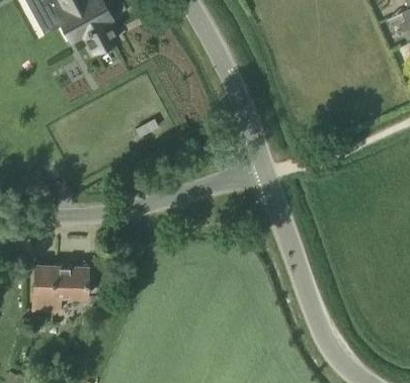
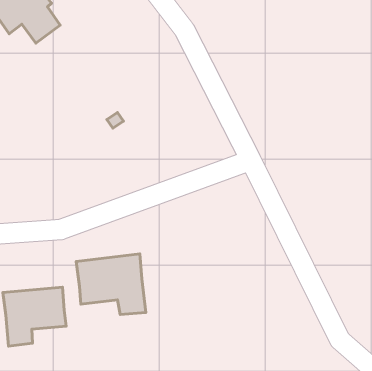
building: none -> [76,254,146,315]

